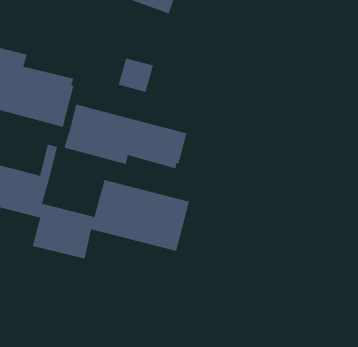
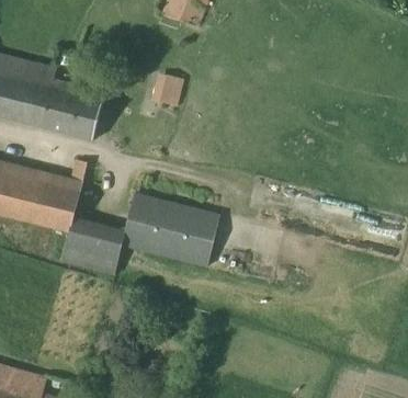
building: [64,104,187,169] -> none

